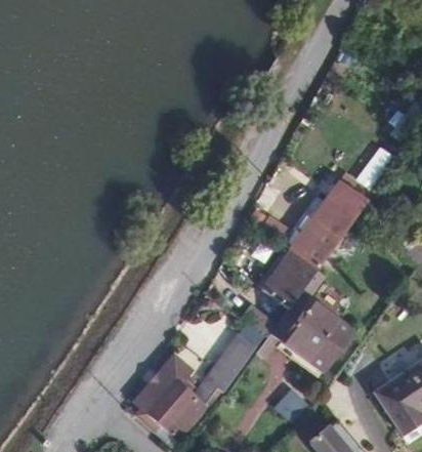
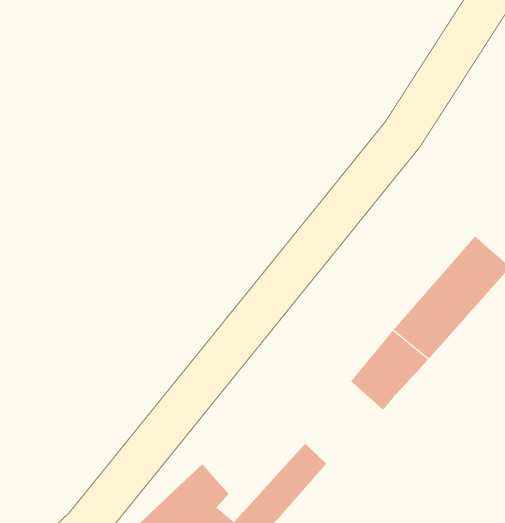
building: [270,294,349,371] -> none

